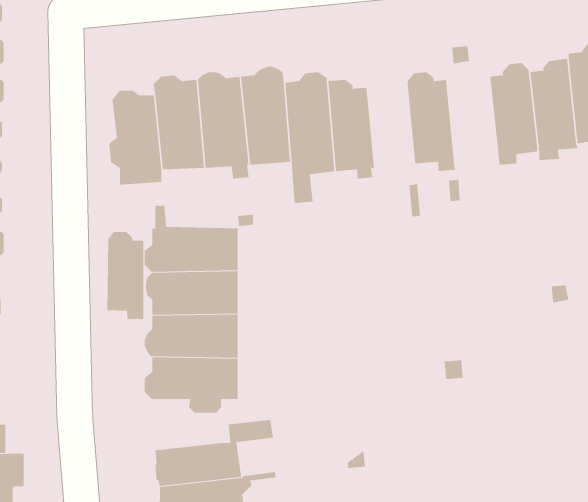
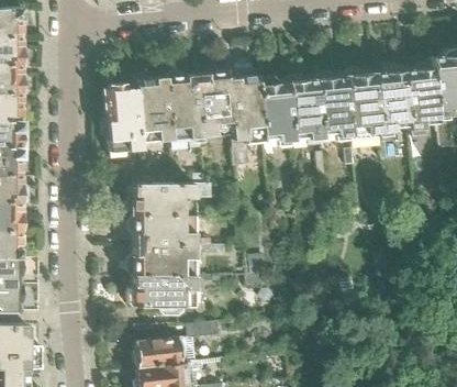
building: none -> [343,69,380,140]
building: none -> [286,75,320,145]
building: [107,231,144,320] -> none

